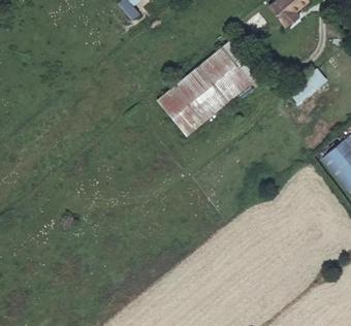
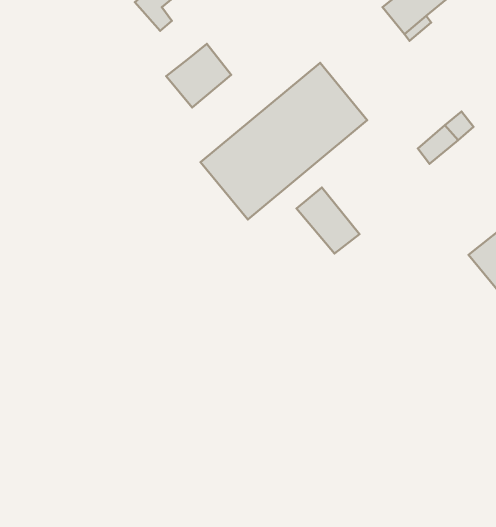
building: none -> [166,44,231,107]
building: none -> [296,187,360,254]

